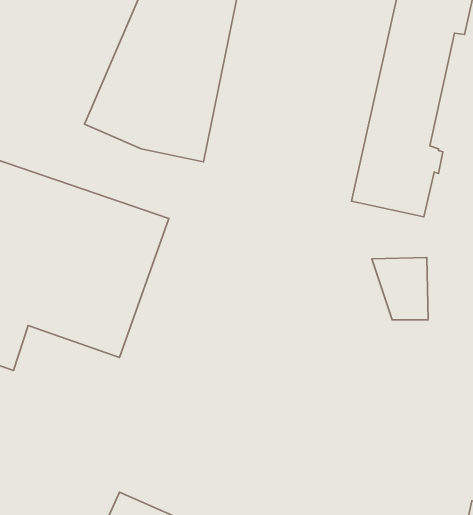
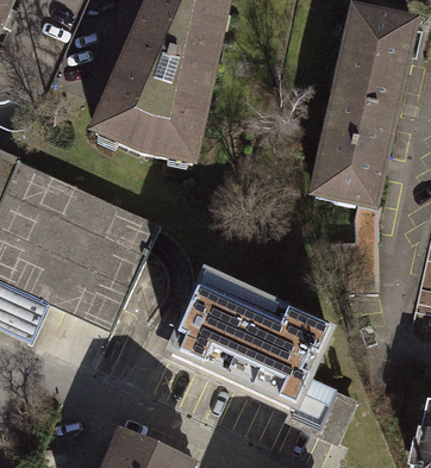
building: none -> [171,276,350,436]

